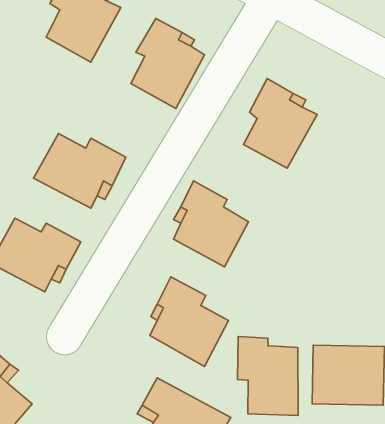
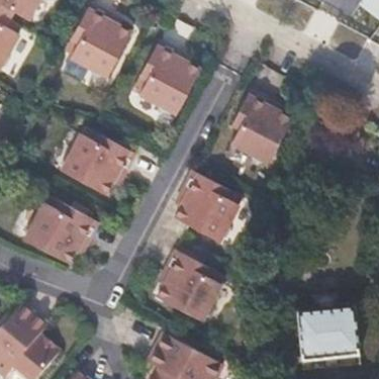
building: [237,337,298,416] -> none

